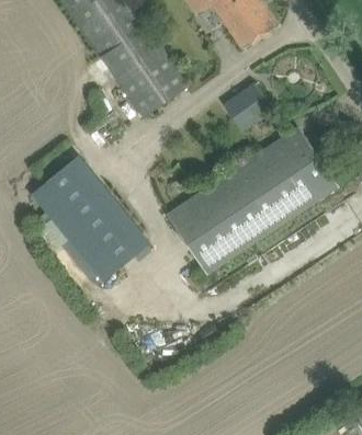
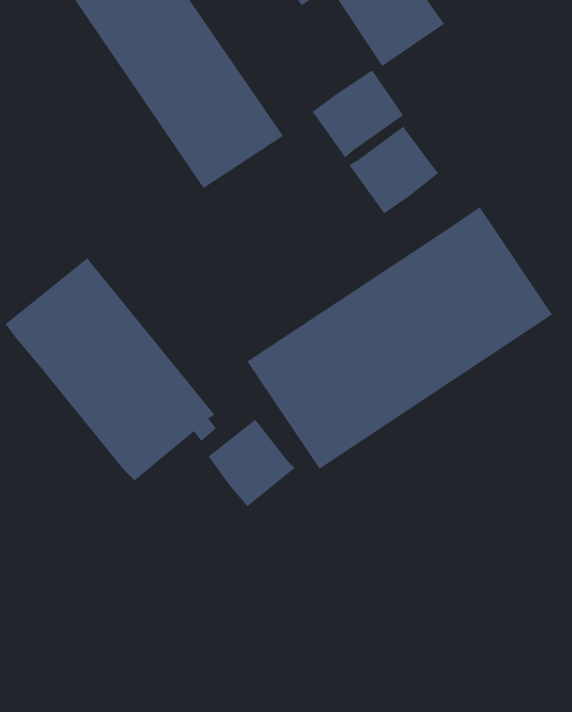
building: none -> [312,70,404,158]
building: none -> [208,419,295,507]

